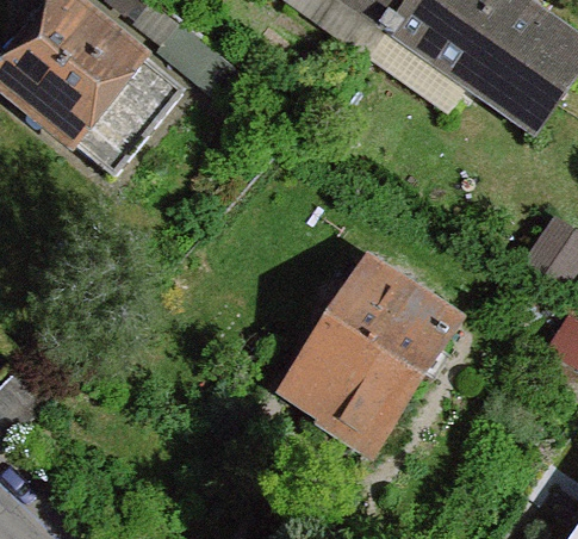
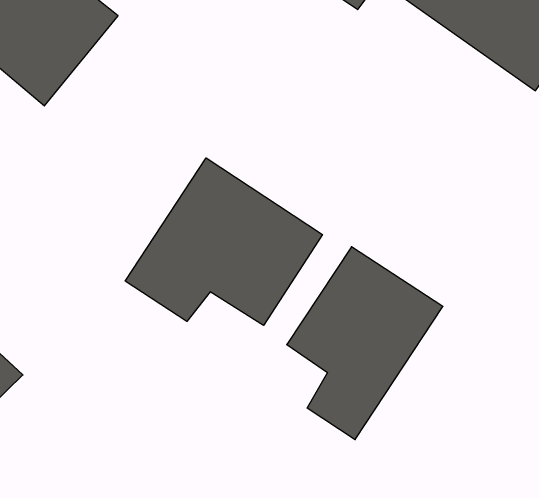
building: [73,55,181,173] -> none
building: none -> [125,158,322,325]

